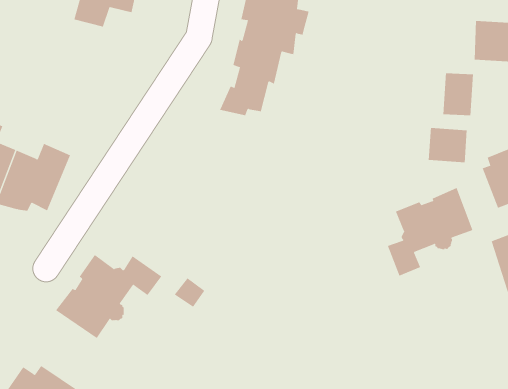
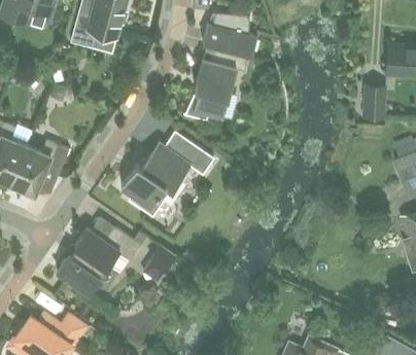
building: [428,127,467,163] -> none
building: none -> [120,141,213,216]
building: [387,187,473,277] -> none

